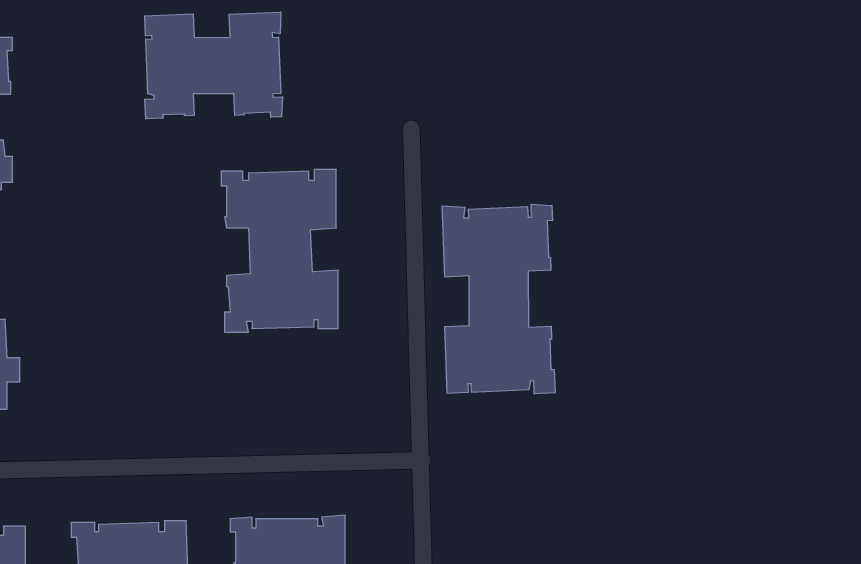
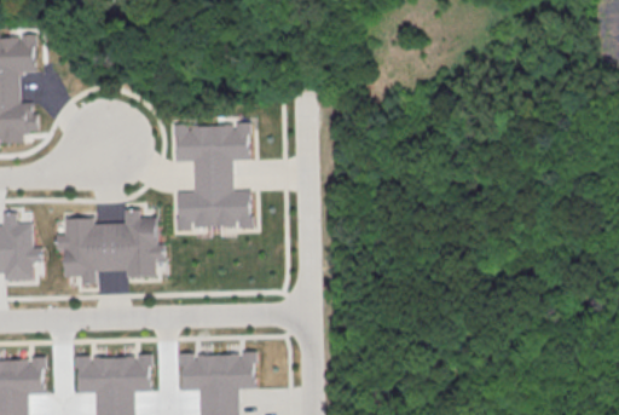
building: [145,12,282,119] -> none
building: [442,204,555,394] -> none
building: none -> [57,209,163,284]

